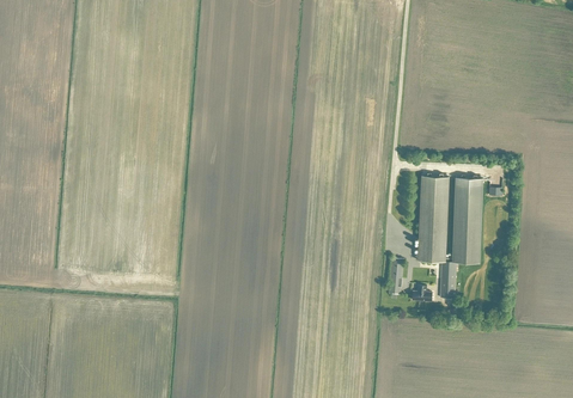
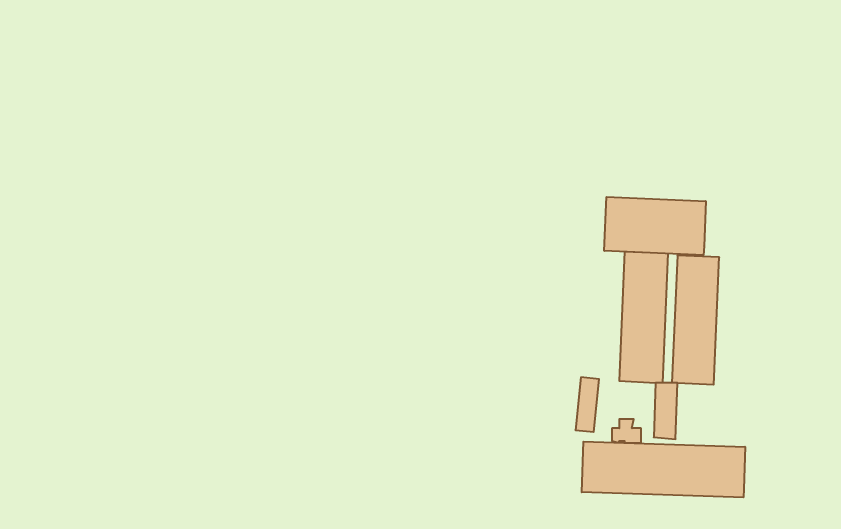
building: none -> [604,197,706,255]
building: none -> [582,442,745,497]

